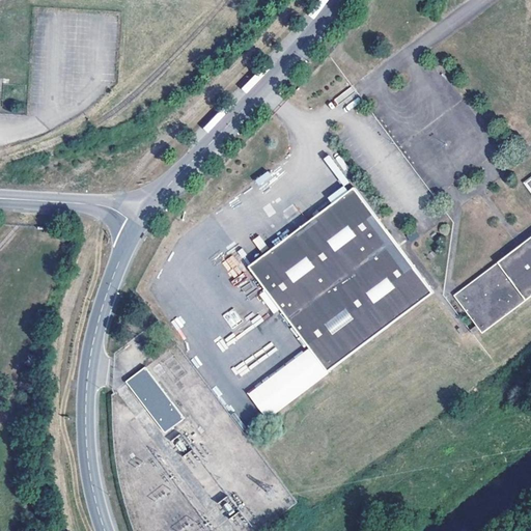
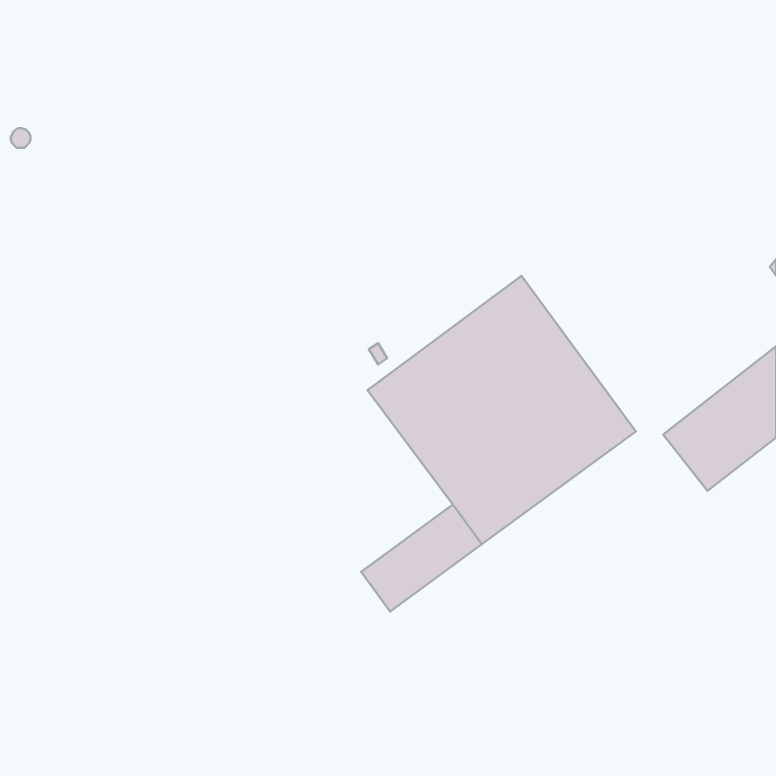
building: [125,366,184,431] -> none

